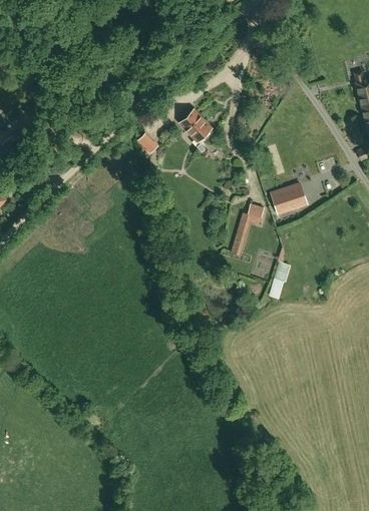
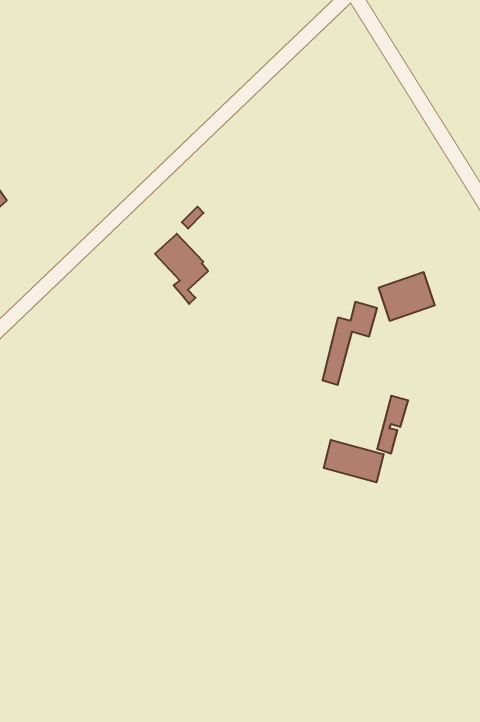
building: [178,108,213,153] -> [155,234,208,304]
building: none -> [324,440,384,482]

